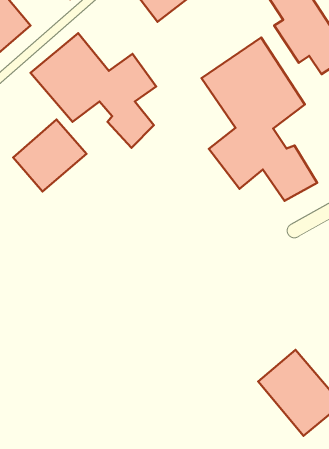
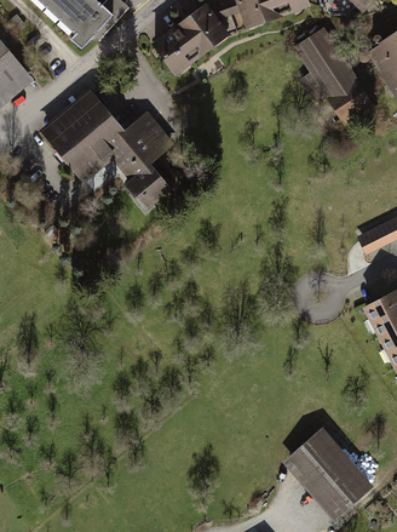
building: [201,38,317,201] -> none
building: [13,120,87,191] -> none

